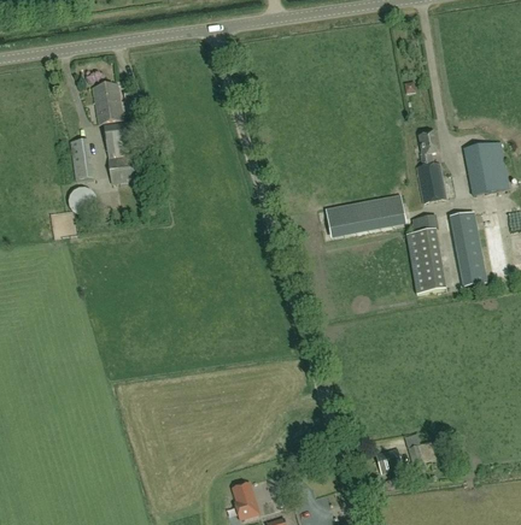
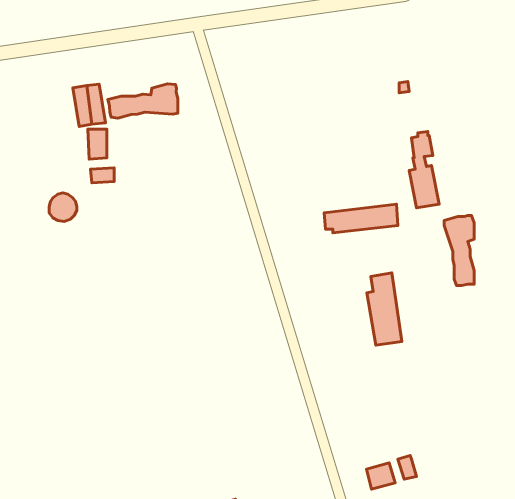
building: none -> [108,84,178,118]
building: [74,137,92,177] -> none
building: [463,142,508,196] -> none
building: [410,213,444,283] -> [367,273,402,345]

